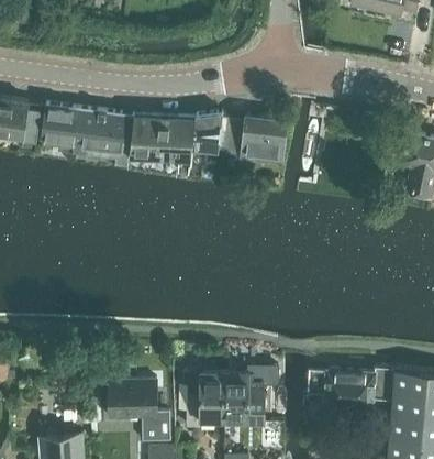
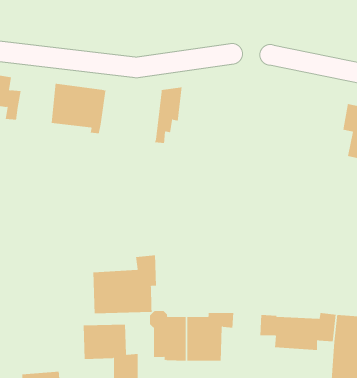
building: [35,105,76,143] -> none
building: [129,116,196,173] -> none
building: [223,116,286,161] -> none
building: none -> [93,255,156,314]

